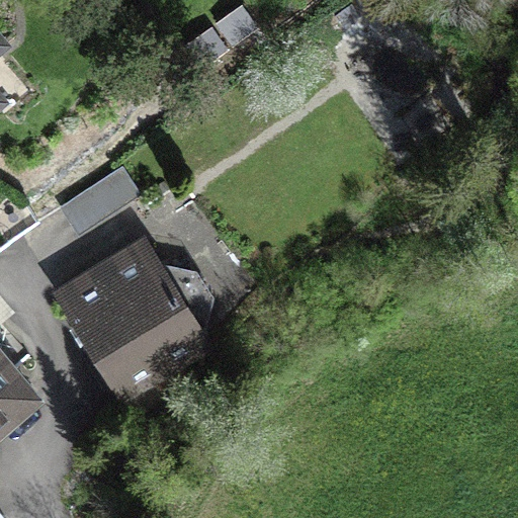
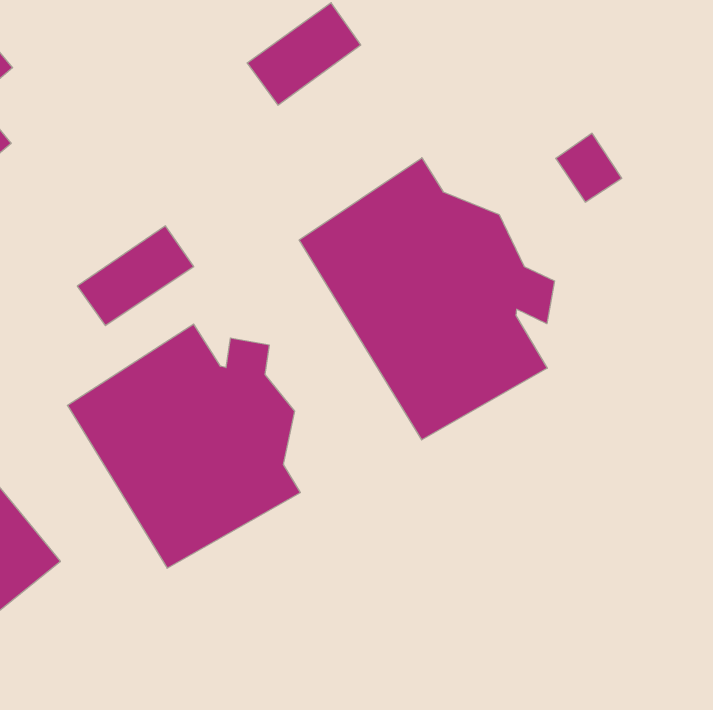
building: none -> [299,158,554,440]

